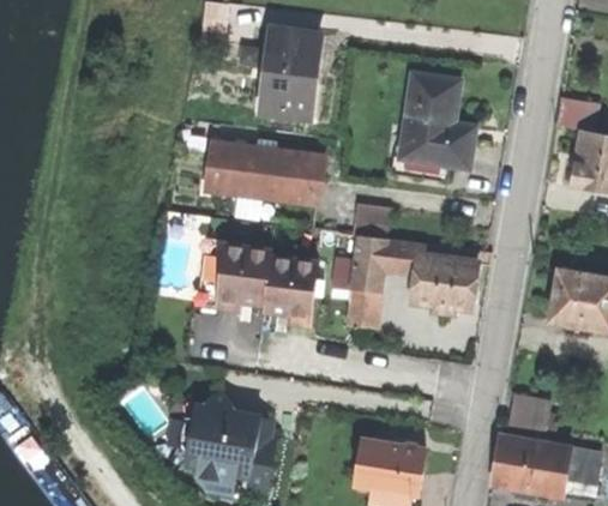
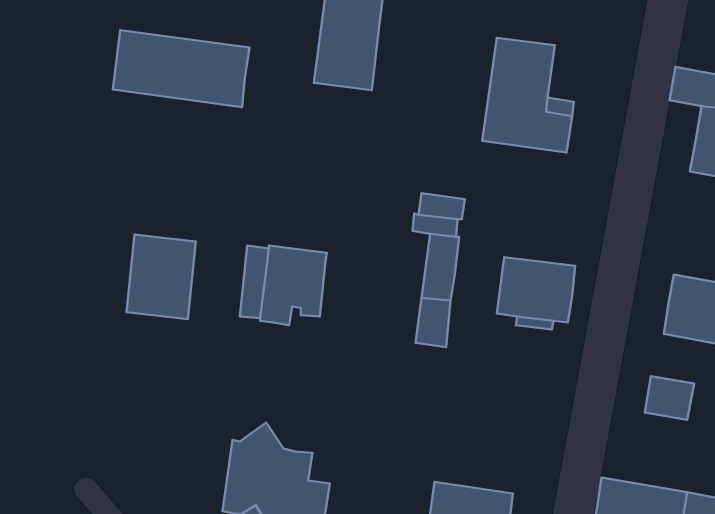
building: [211,140,324,204] -> [113,30,249,107]
building: none -> [126,235,196,319]
building: [378,236,420,272] -> none
building: [265,257,318,325] -> none
building: [508,392,549,428] -> [645,376,694,420]

